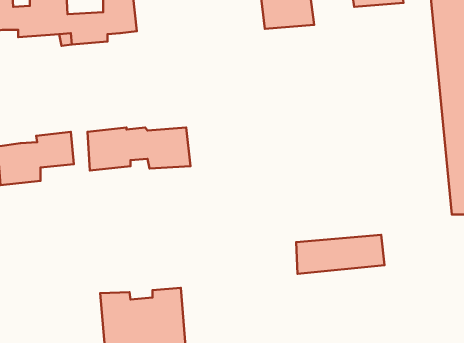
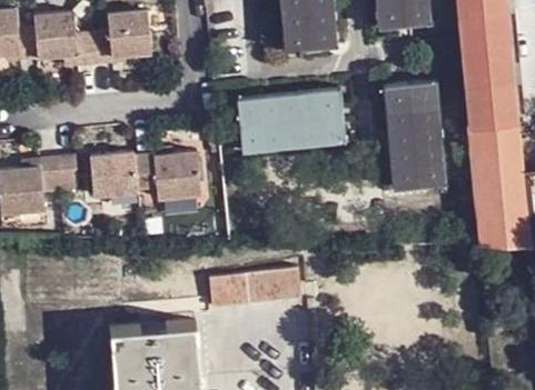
building: none -> [384,80,447,187]
building: none -> [239,88,345,151]
building: [296,235,384,274] -> [215,269,308,310]

